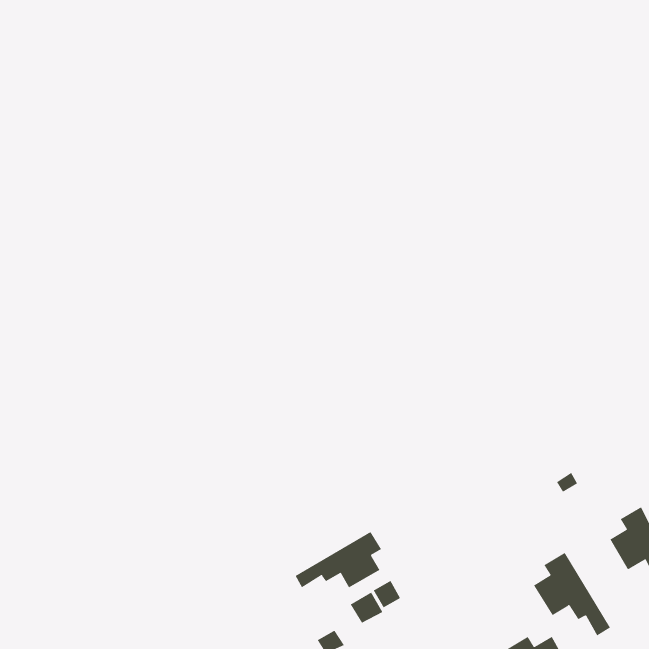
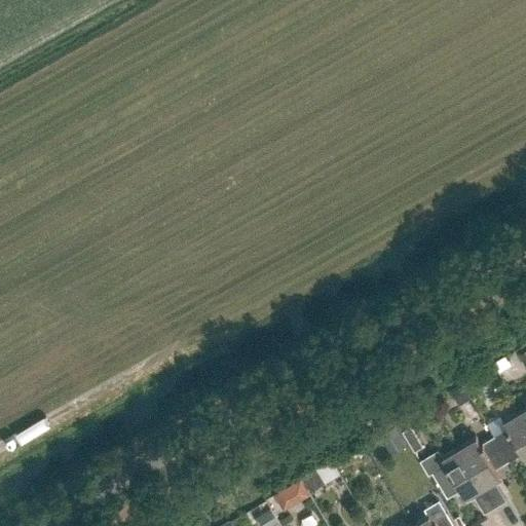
building: [295,531,382,588] -> none
building: none -> [457,437,508,508]

